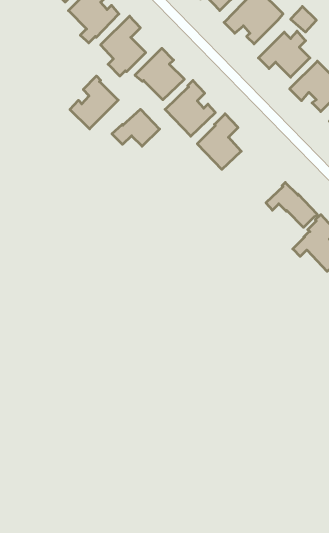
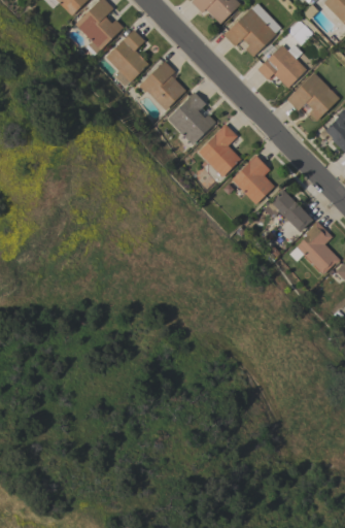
building: [70,76,118,129] -> none
building: [112,109,160,146] -> none
building: none -> [232,155,275,204]

